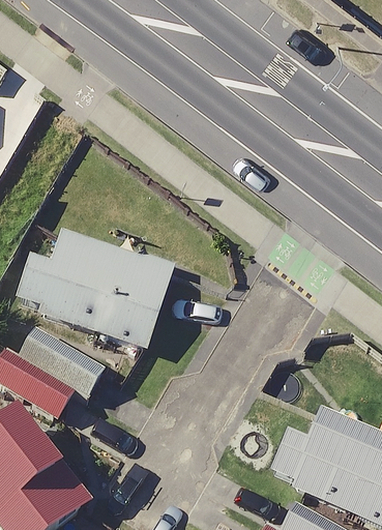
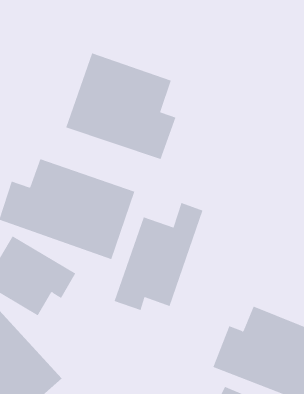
building: none -> [66,53,176,160]
building: none -> [114,202,203,311]

